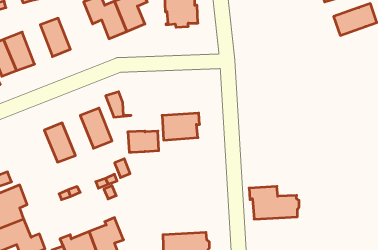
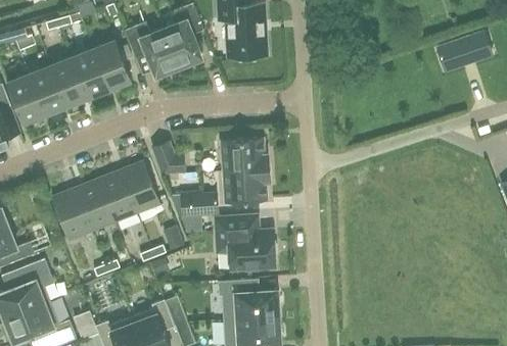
building: none -> [93,40,132,88]
building: none -> [48,57,86,106]
building: none -> [221,137,269,170]
building: none -> [98,170,137,220]
building: none -> [52,189,92,238]
building: none -> [217,215,278,268]
building: [249,186,299,219] -> [218,279,280,319]

